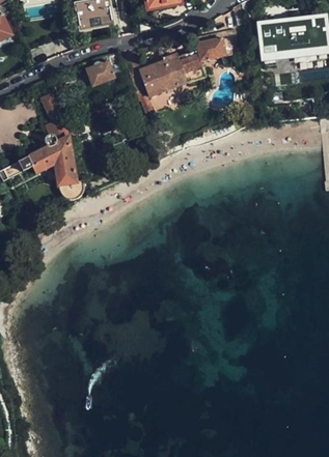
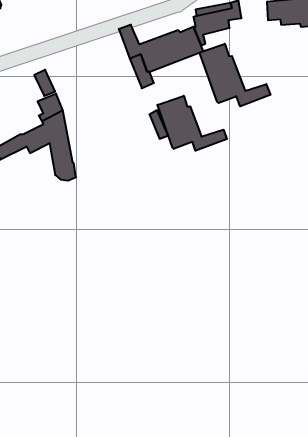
building: [85,53,120,87] -> none
building: none -> [199,44,270,106]
building: none -> [157,96,227,151]

